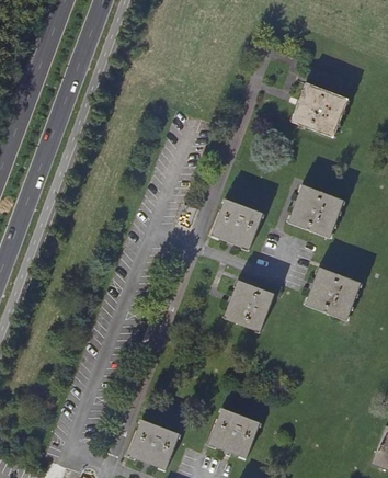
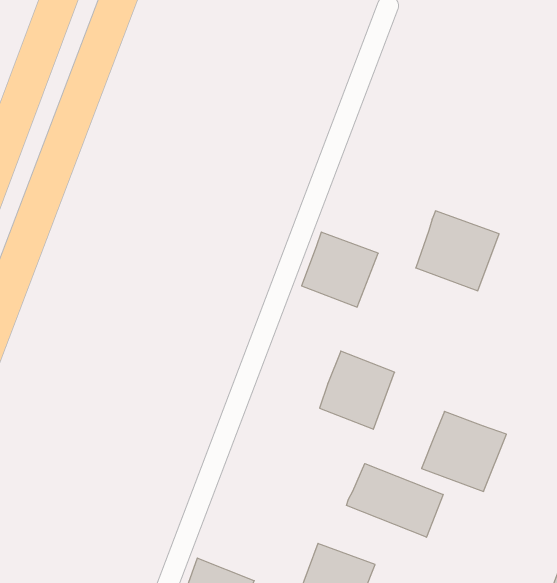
building: [289,82,347,137] -> none
building: [304,266,361,320] -> [422,411,506,491]
building: none -> [346,464,443,537]

